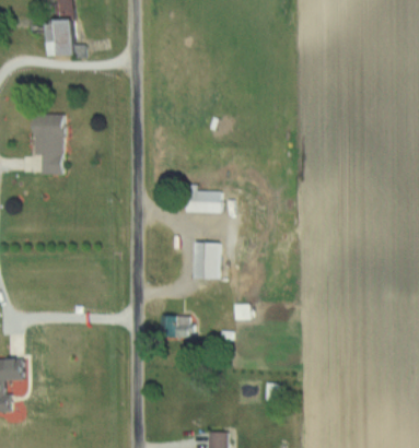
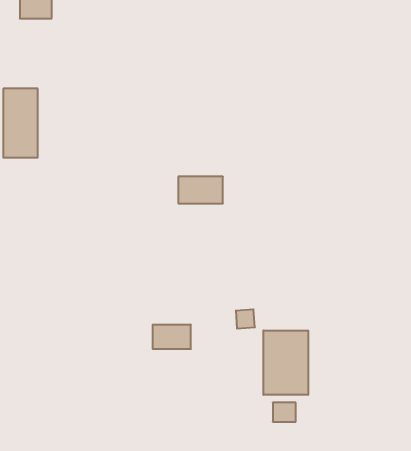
building: [195,241,220,279] -> none
building: none -> [263,330,308,395]

